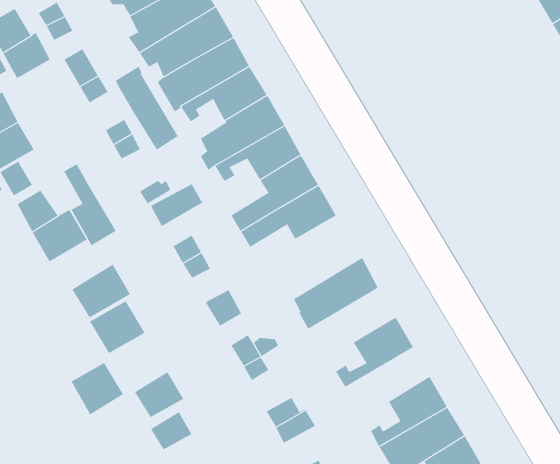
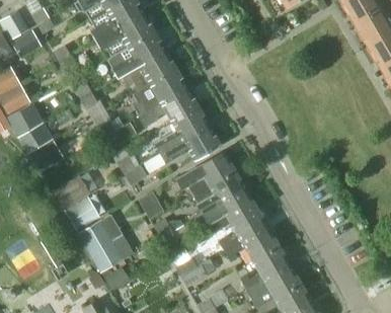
building: [115,66,179,150] -> none
building: [63,163,117,246] -> none
building: none -> [174,152,236,197]
building: none -> [202,189,257,233]
building: none -> [225,227,279,263]
building: [71,362,124,415] -> [80,222,113,255]

